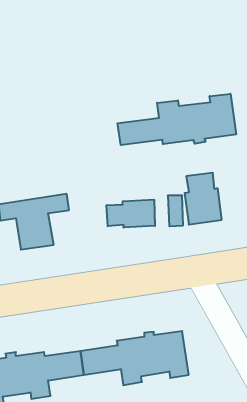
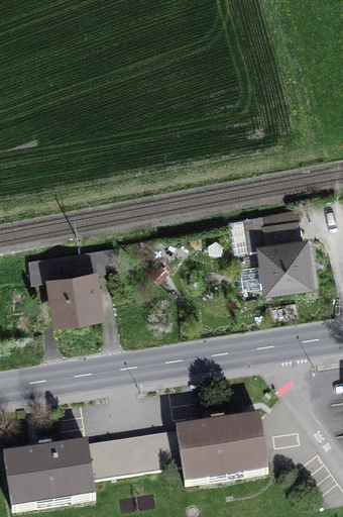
building: [118,94,236,145] -> none
building: [107,200,155,228] -> none

